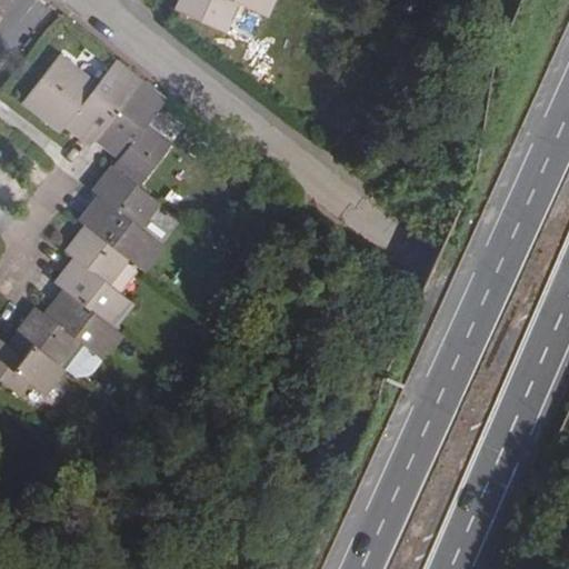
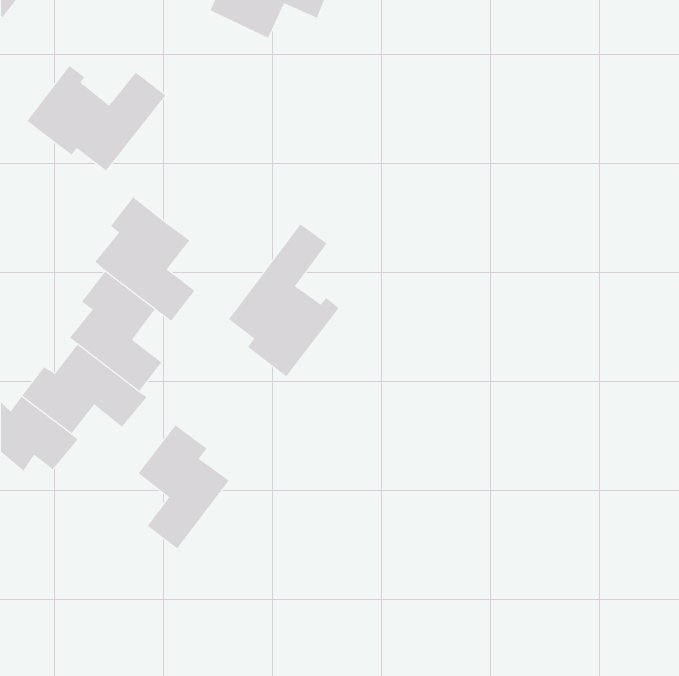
building: [93,80,170,186] -> none
building: none -> [228,223,340,377]
building: none -> [138,424,229,549]

